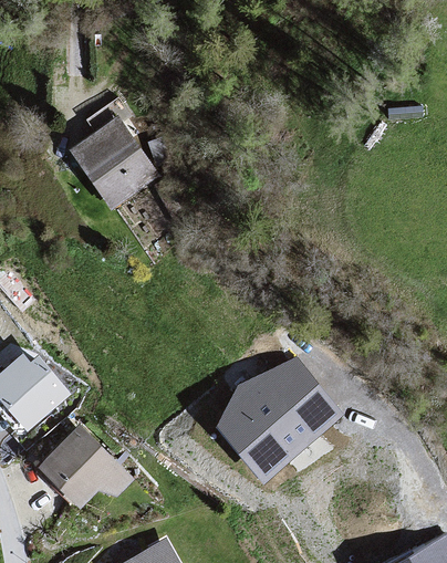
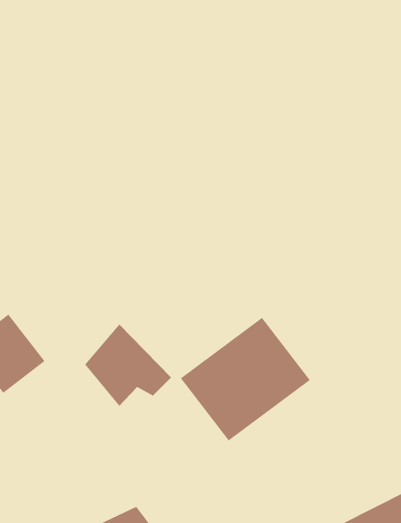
building: [67,118,153,209] -> none
building: [42,425,134,512] -> [84,323,172,407]

